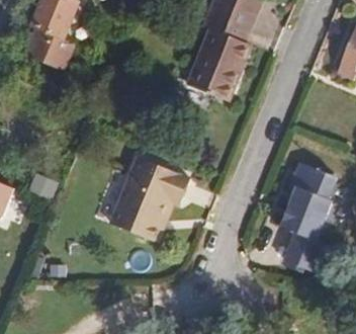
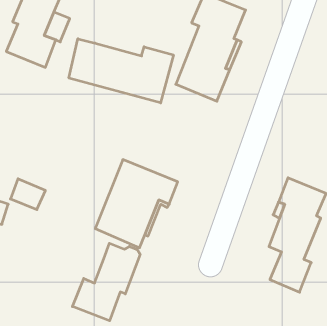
building: none -> [69,39,173,103]
building: none -> [72,243,140,321]

